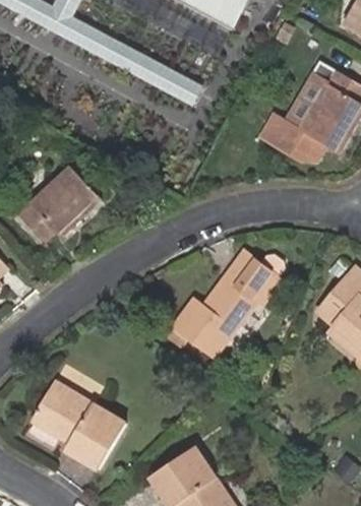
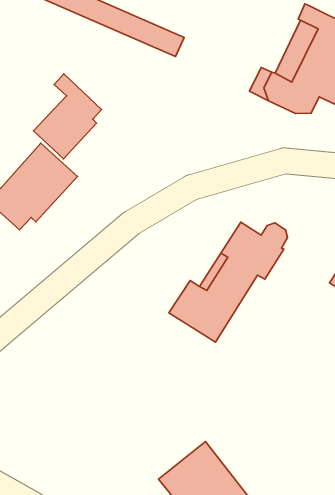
building: none -> [33,74,102,159]
building: [31,382,123,469] -> none

